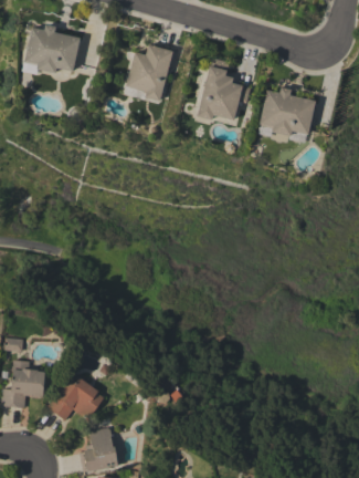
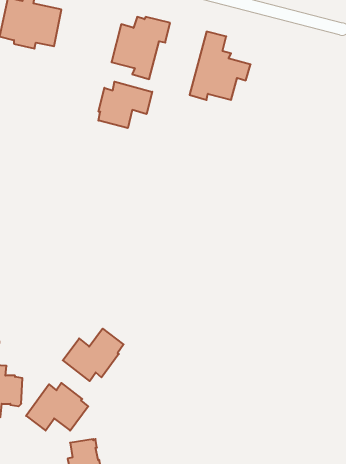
building: [257,87,315,144] -> none
building: none -> [98,82,152,128]
building: none -> [63,329,124,381]

